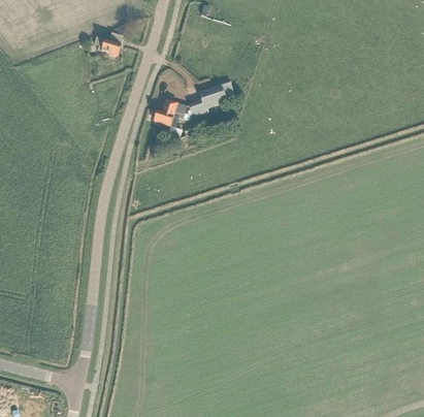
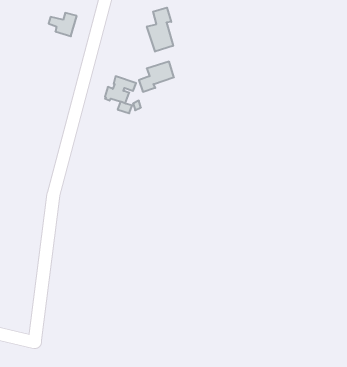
building: none -> [147,8,173,52]

